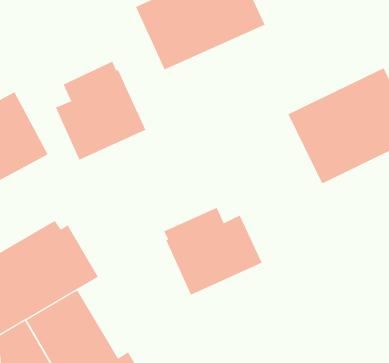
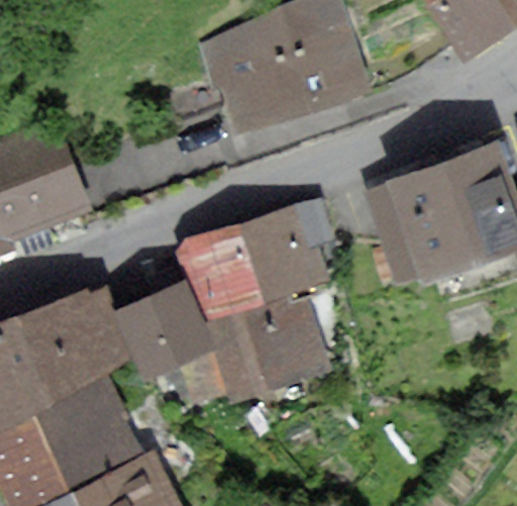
building: [55,61,146,161] -> none
building: none -> [191,202,328,315]
building: none -> [119,286,209,374]

